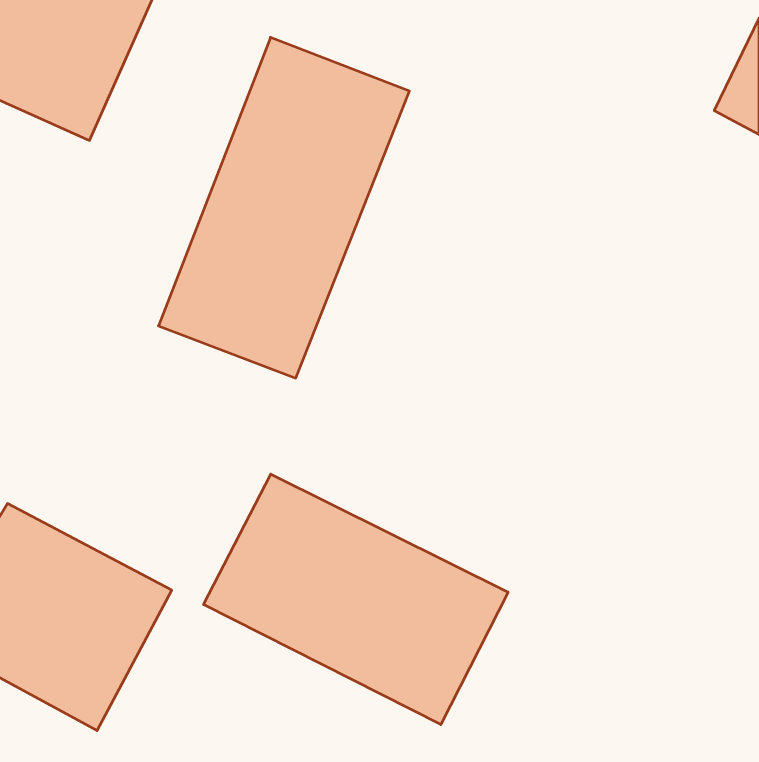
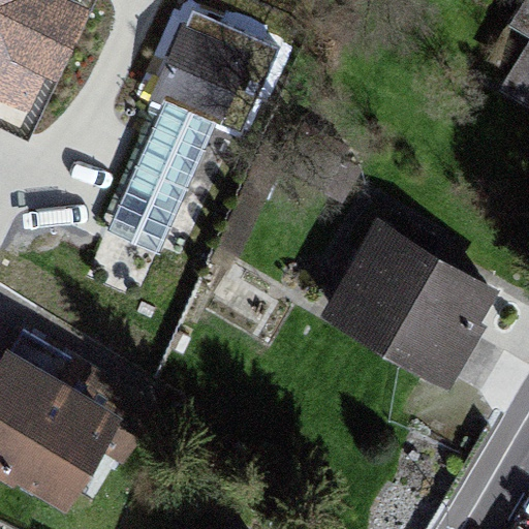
building: none -> [324,229,491,377]
building: [204,474,508,725] -> none

